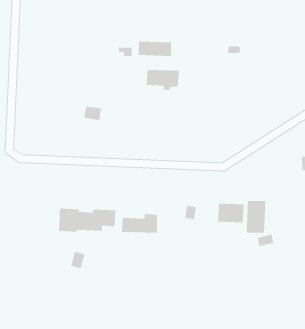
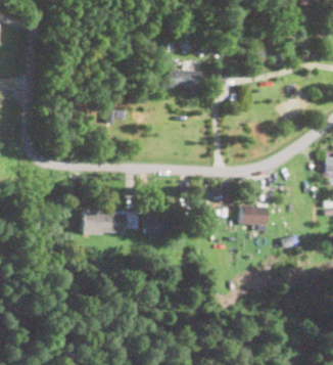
building: [138,41,172,57] -> none
building: [246,200,266,234] -> none

